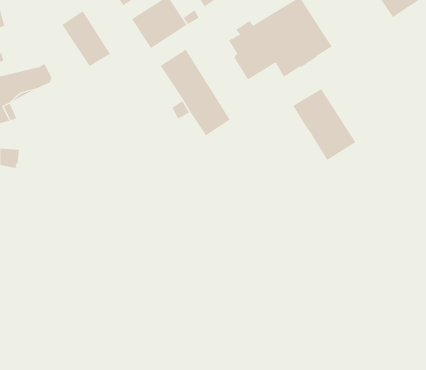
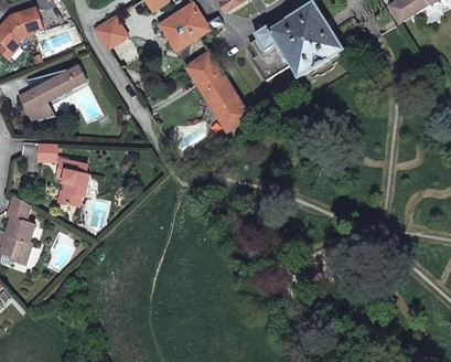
building: [293,88,356,161] -> none
building: none -> [57,158,89,205]

